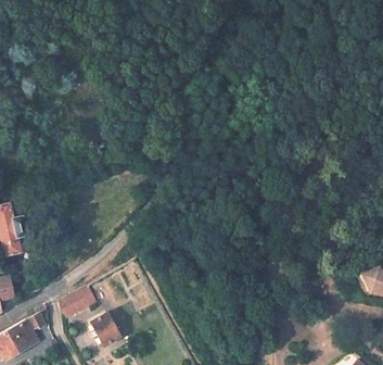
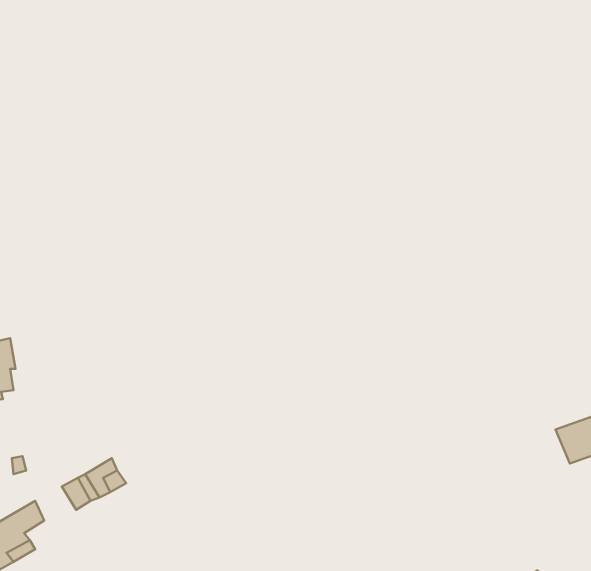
building: [88,313,118,345] -> none

